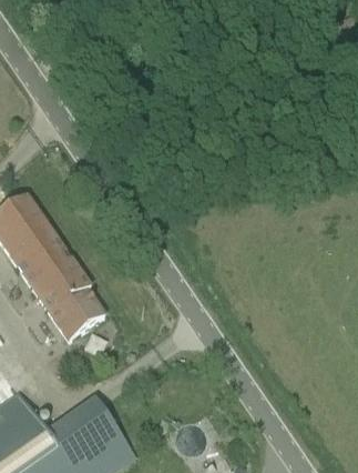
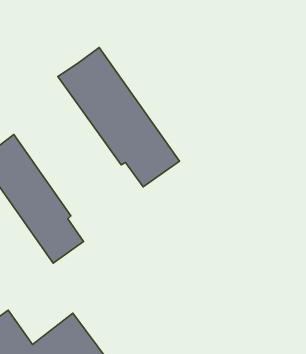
building: none -> [58,48,180,187]

